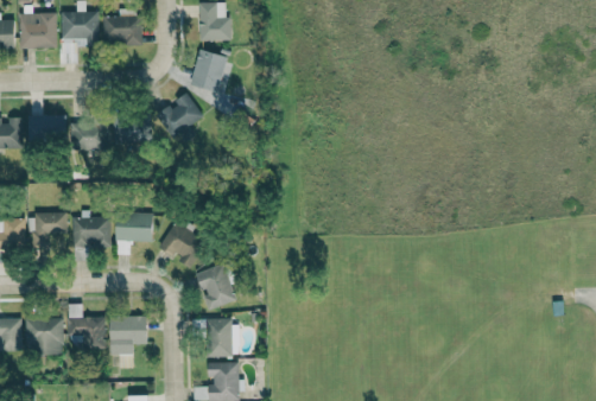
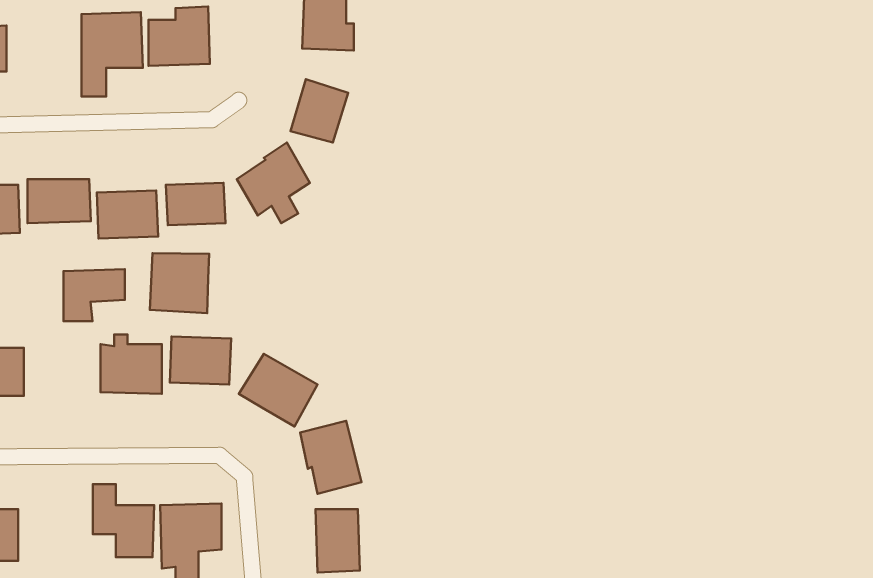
building: [19,9,57,47] -> none
building: none -> [150,253,209,313]
building: [30,214,68,246] -> [64,269,125,321]
building: [25,318,63,355] -> none

